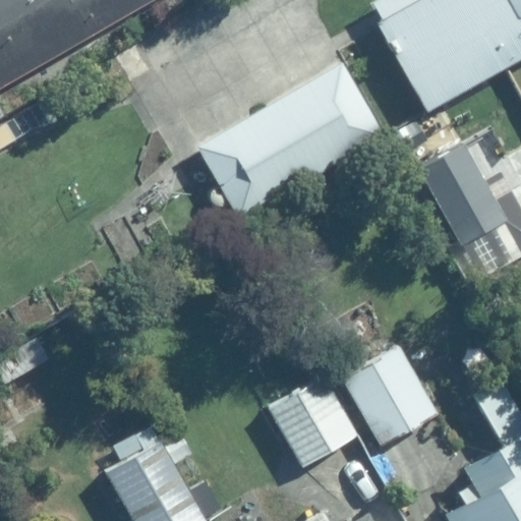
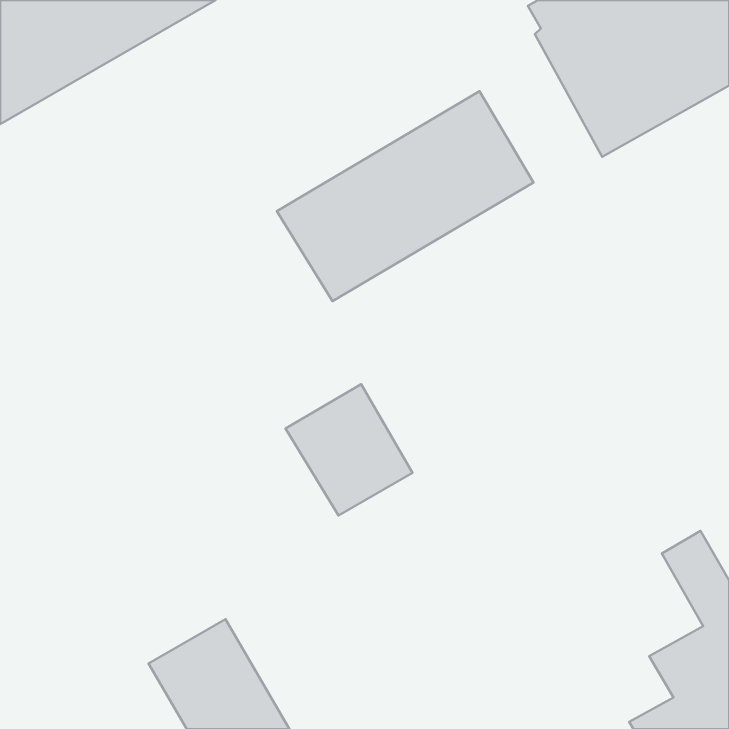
building: [418,143,506,245] -> none
building: [341,345,438,447] -> none
building: [268,374,358,468] -> [286,384,413,515]

